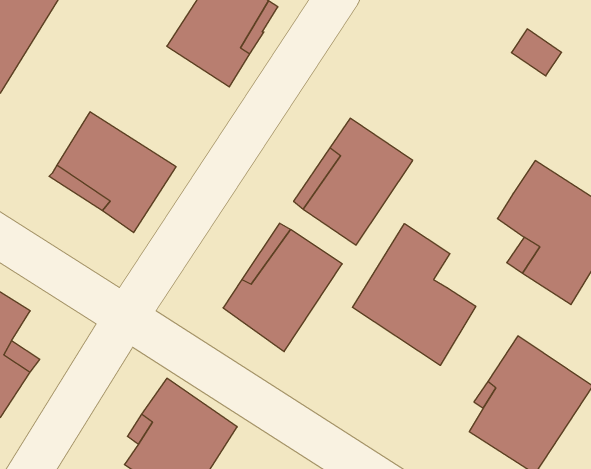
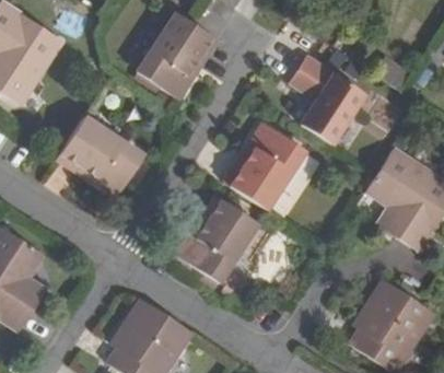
building: none -> [290,58,365,144]
building: [352,224,476,365] -> none

